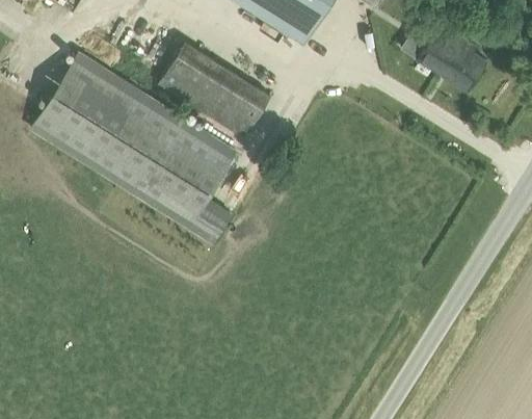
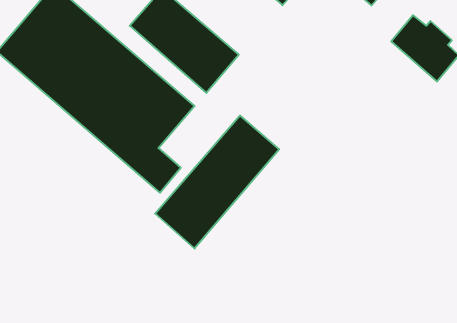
building: none -> [155,116,279,249]

